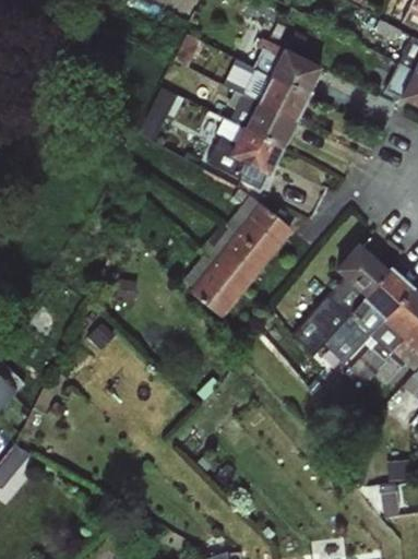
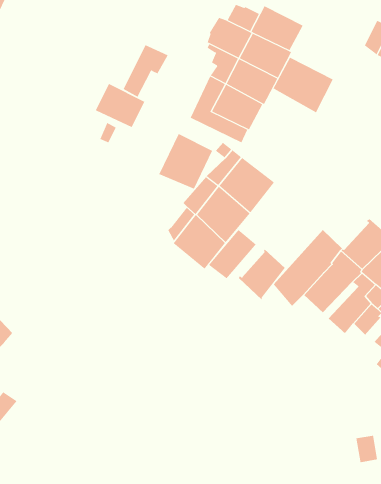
building: none -> [273,57,334,113]
building: none -> [95,83,145,128]
building: none -> [158,133,213,189]
building: [333,242,390,298] -> none
building: none -> [208,229,257,279]
building: none -> [238,249,286,300]

